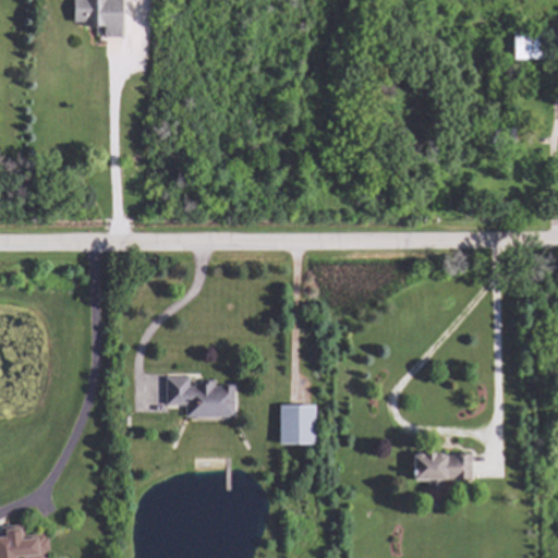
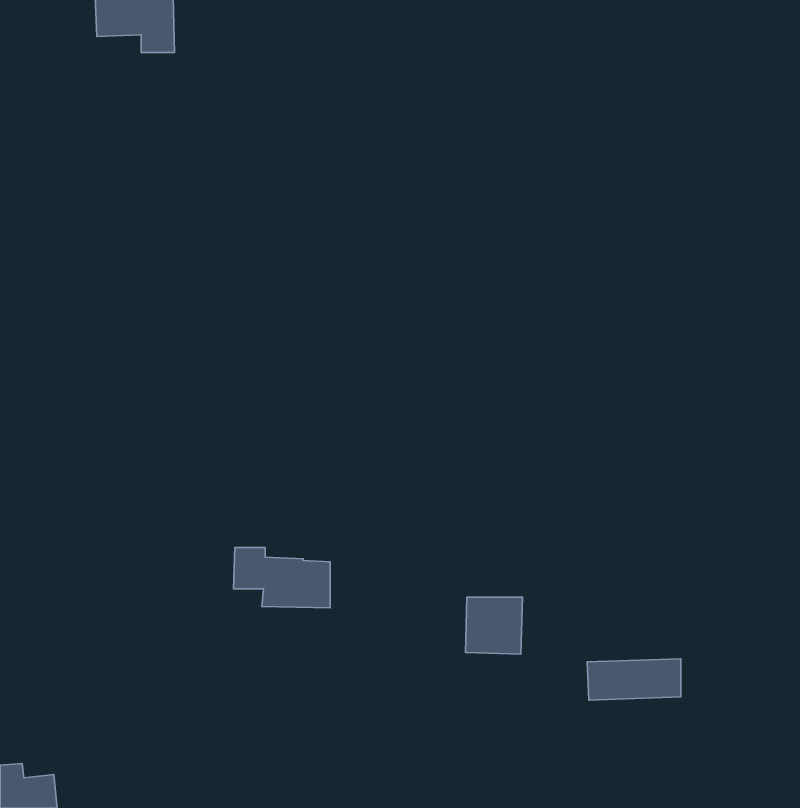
building: [513,35,537,59] -> none
building: [278,405,317,445] -> [465,597,523,654]

